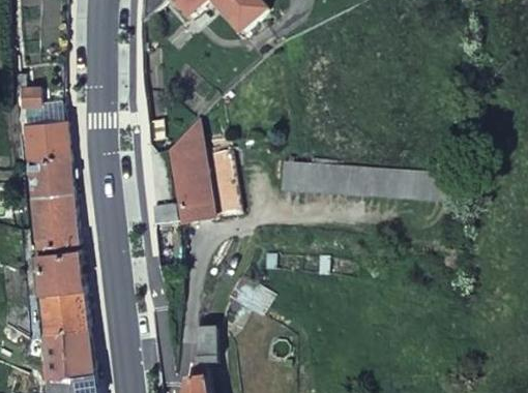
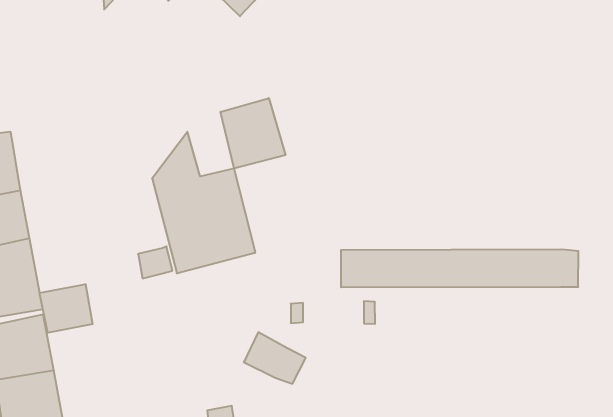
building: none -> [221,98,285,168]
building: [280,159,460,200] -> [341,249,578,287]
building: none -> [40,284,92,333]

